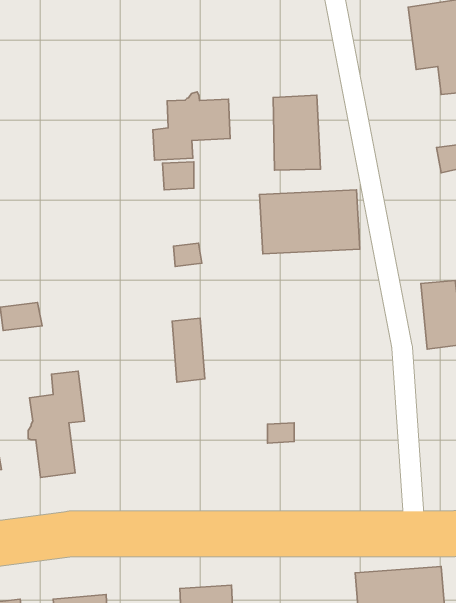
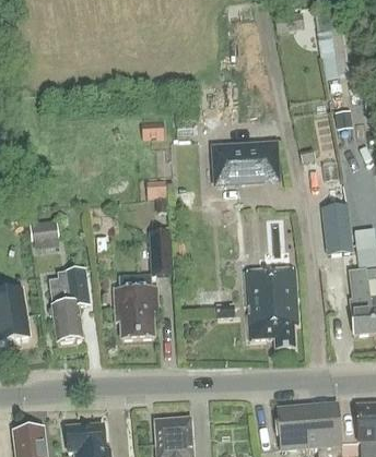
building: [153,92,230,160] -> none
building: [273,95,320,170] -> none
building: none -> [243,270,297,349]
building: none -> [114,285,156,337]

